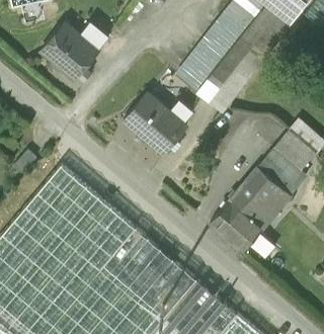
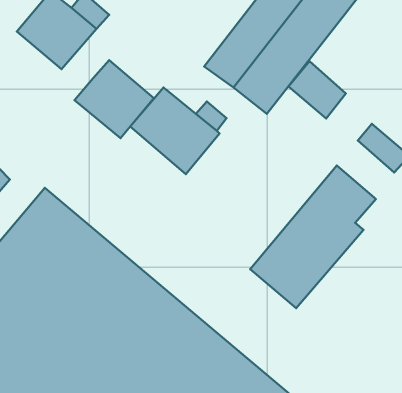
building: none -> [74,60,154,138]
building: [272,131,314,172] -> [288,61,346,119]

